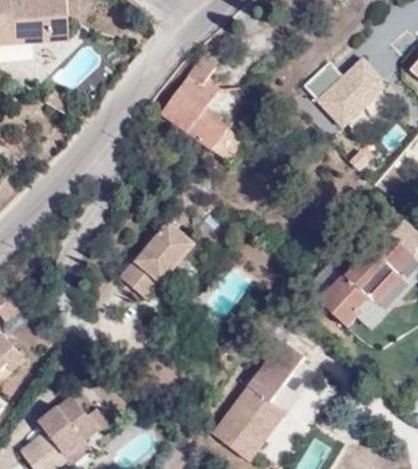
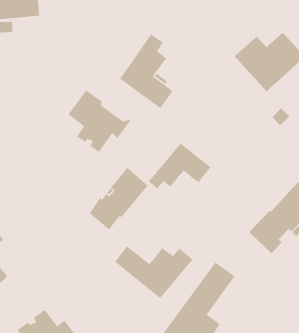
building: none -> [68,89,132,153]
building: none -> [148,142,211,190]
building: none -> [114,246,193,299]

